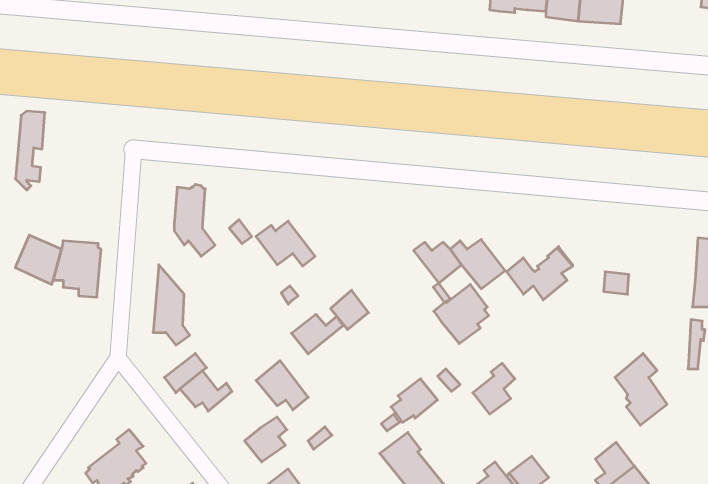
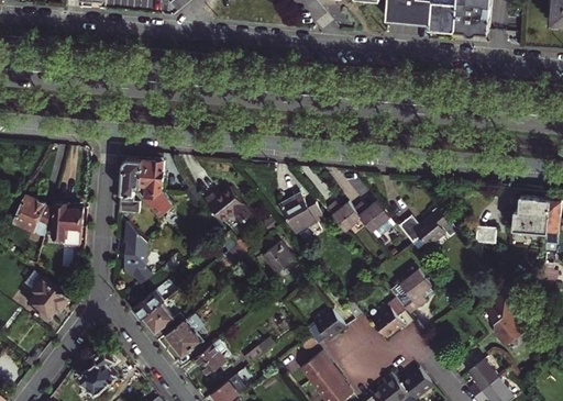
building: [15,111,45,190] -> [118,159,141,221]
building: none -> [278,194,321,233]
building: none -> [511,196,548,233]
building: [434,284,489,344] -> [389,269,432,315]
building: [291,314,343,354] -> none
building: none -> [27,277,69,320]
building: [256,361,308,410] -> [165,320,206,358]

